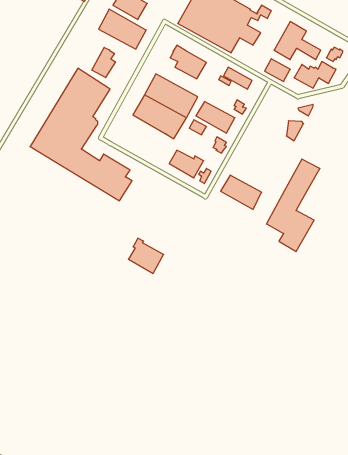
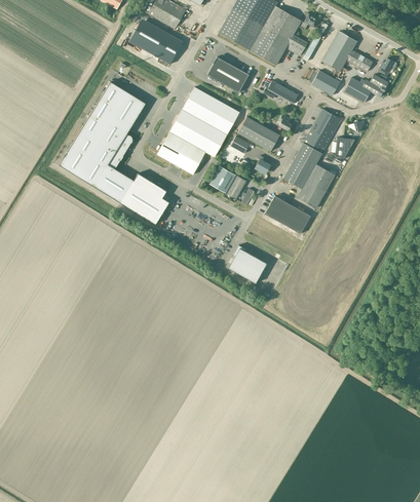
building: [92,47,115,78] -> none
building: none -> [156,131,205,175]
building: [266,159,320,252] -> [283,109,341,208]
building: [128,238,164,273] -> [228,245,266,283]

